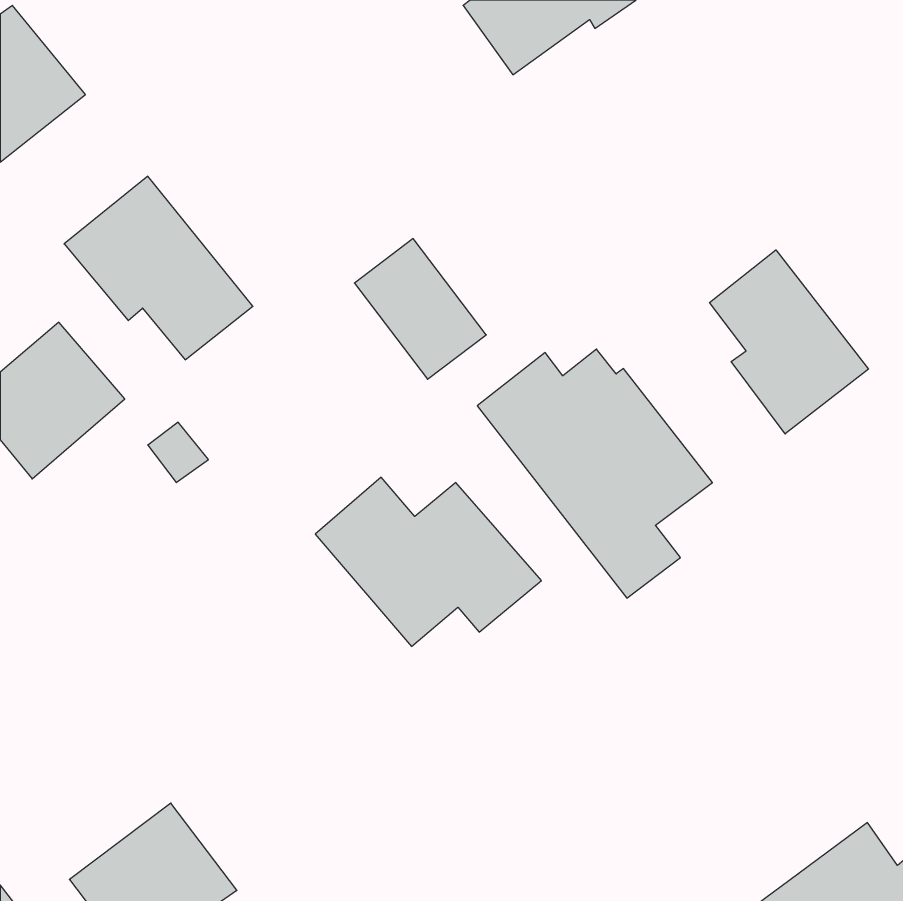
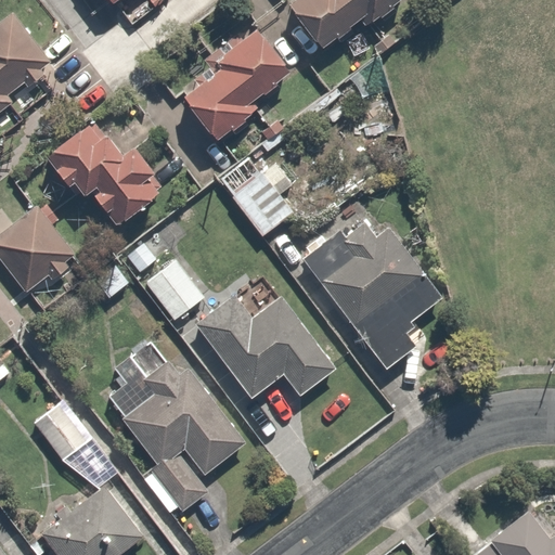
building: none -> [180,17,291,140]
building: [710,250,868,434] -> none
building: none -> [141,256,204,321]
building: none -> [101,344,251,514]
building: none -> [36,410,118,501]

